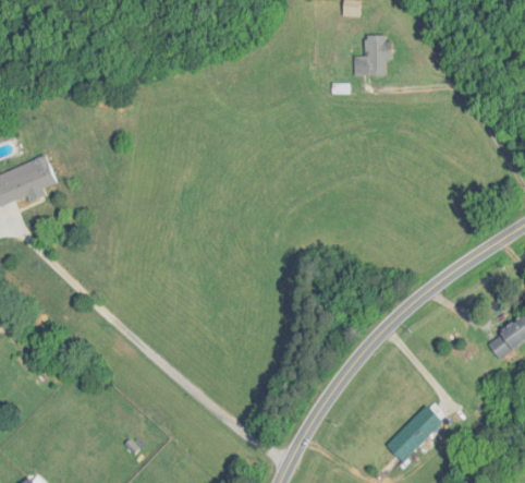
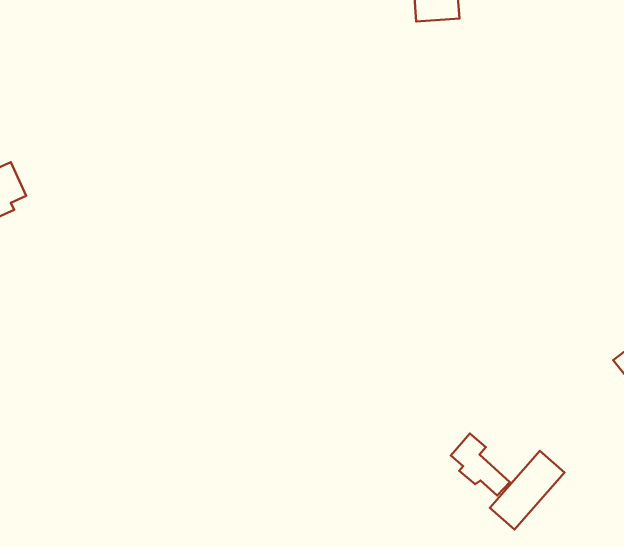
building: none -> [451,434,510,496]

